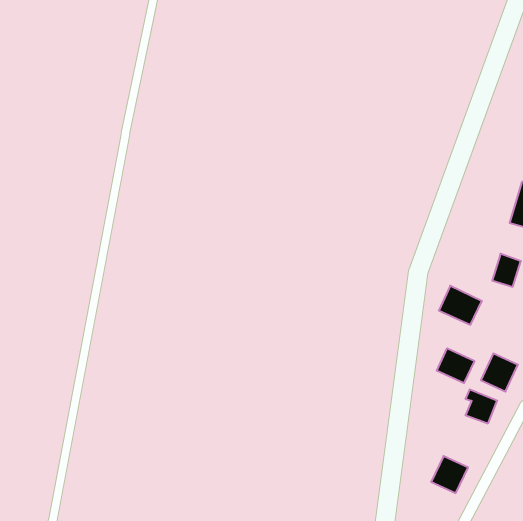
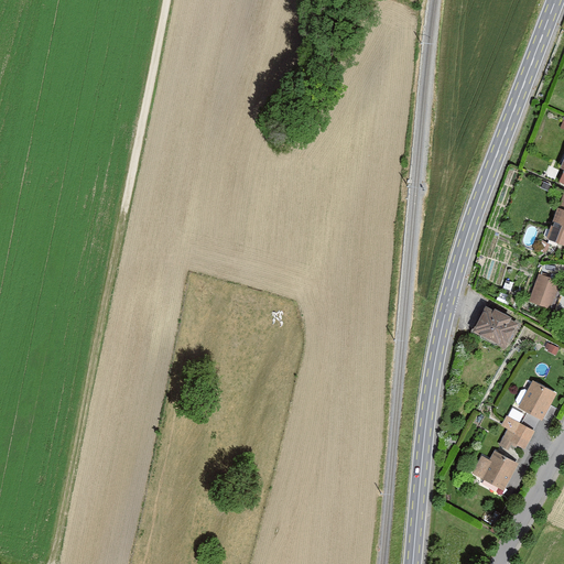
building: [437,348,474,383] -> none
building: [431,456,468,493] -> [479,451,519,490]

